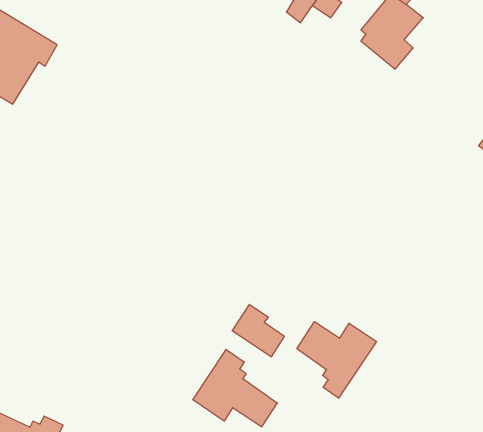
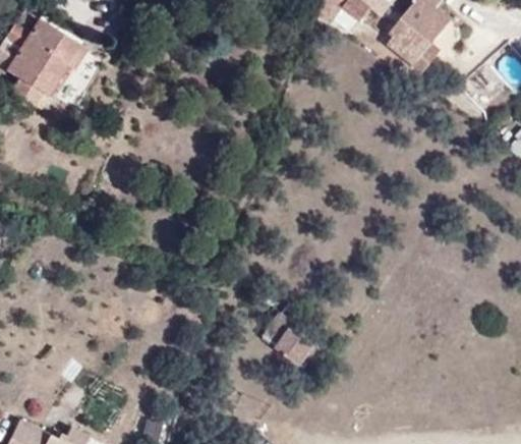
building: [297,322,376,398] -> none
building: [193,349,277,427] -> none

